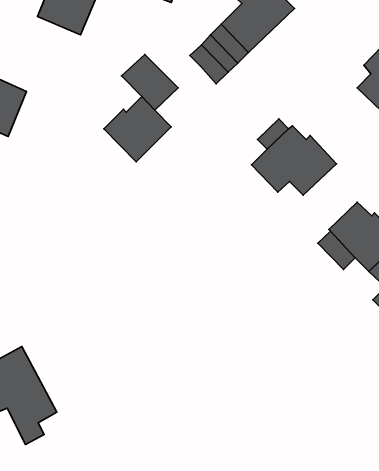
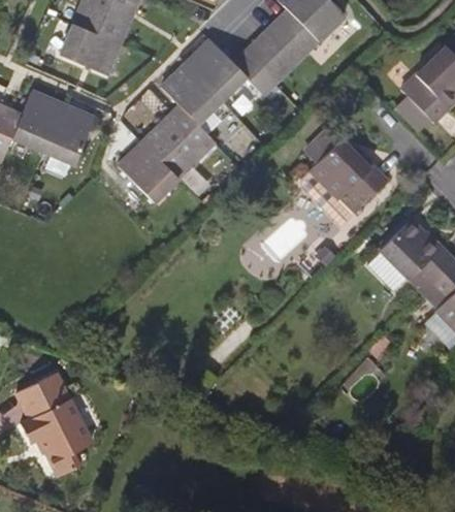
building: none -> [60,23,118,73]
building: none -> [186,39,245,98]
building: none -> [41,102,93,163]
building: none -> [119,141,176,199]

